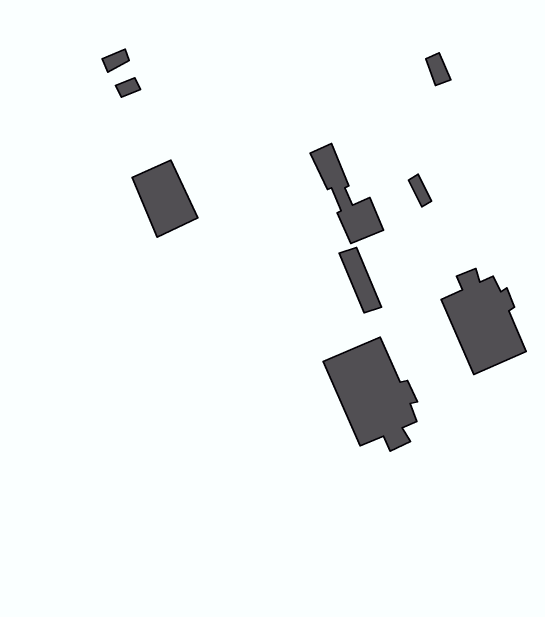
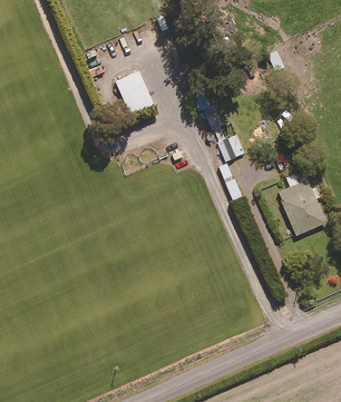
building: [132,160,198,237] -> [116,71,154,116]
building: [323,337,417,451] -> none

